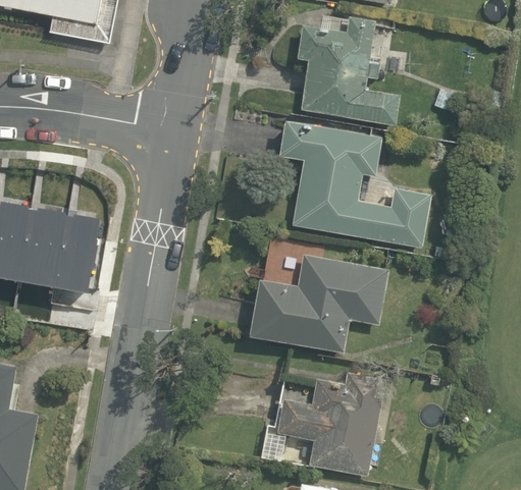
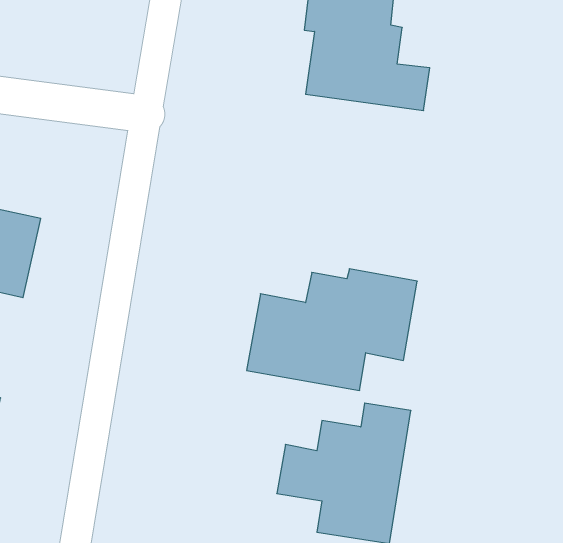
building: [277,120,428,246] -> none

